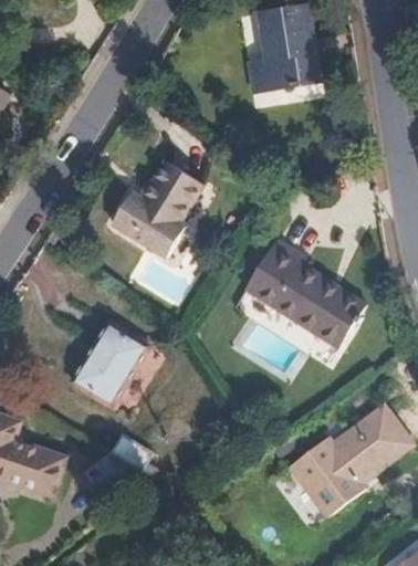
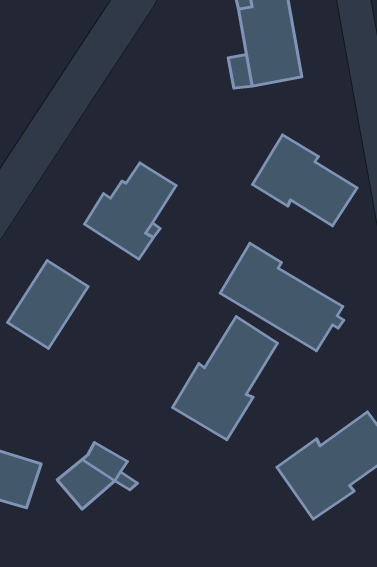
building: none -> [253,135,357,226]
building: none -> [172,317,278,440]
building: [66,317,145,403] -> [8,260,88,349]

